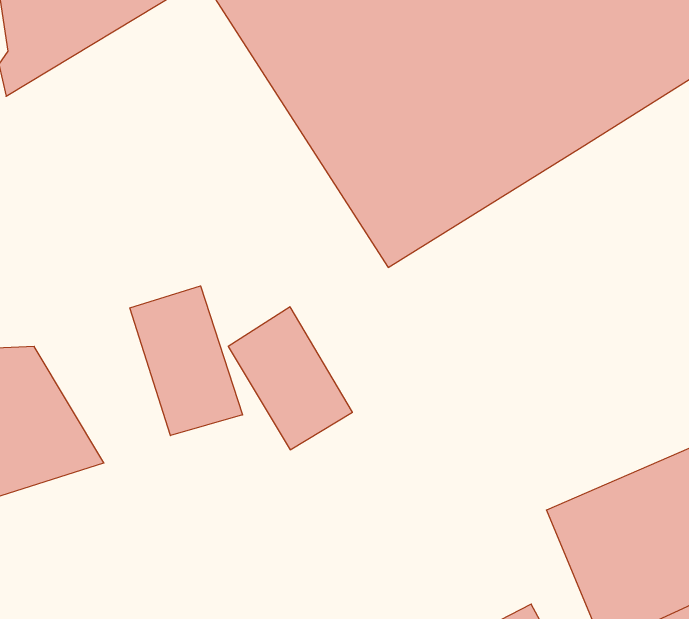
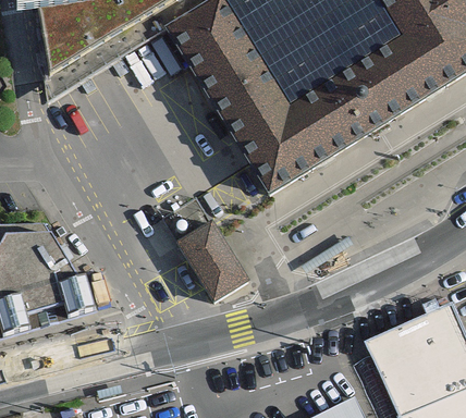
building: [130,286,243,436] -> none

